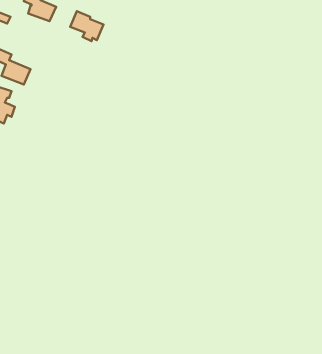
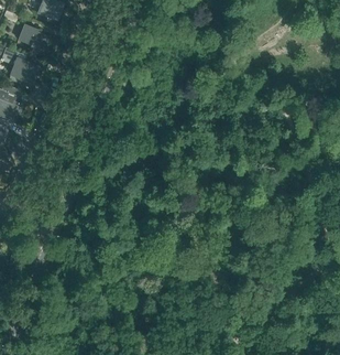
building: [70,11,104,41] -> [19,26,52,56]

